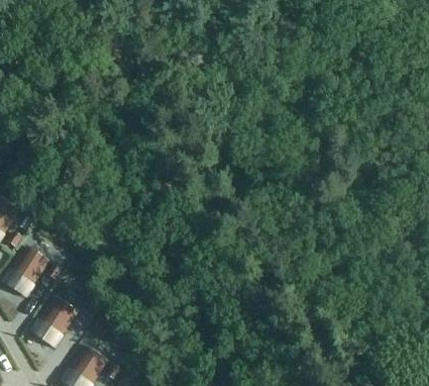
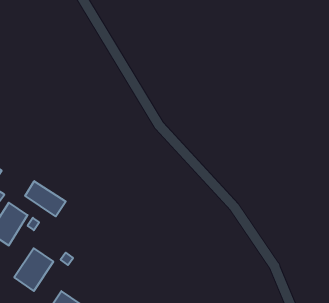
building: none -> [25,181,66,216]

